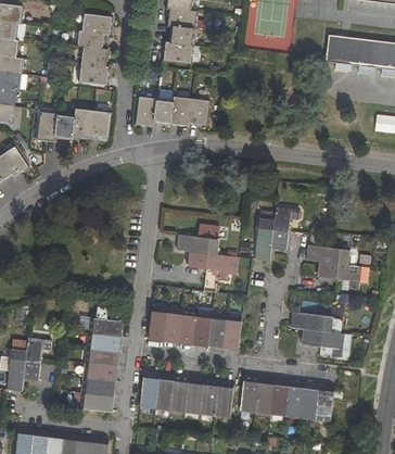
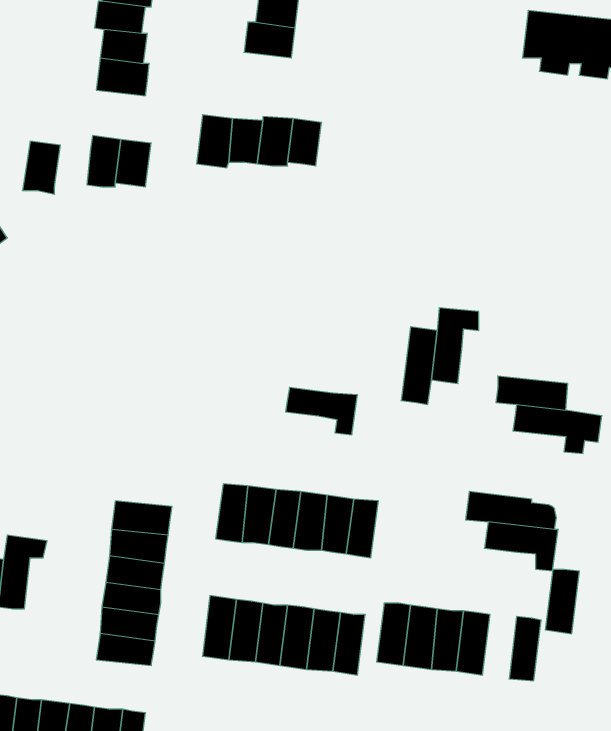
building: [55,113,76,139] -> none
building: [177,235,217,255] -> none
building: [301,382,320,419] -> [545,569,579,634]

